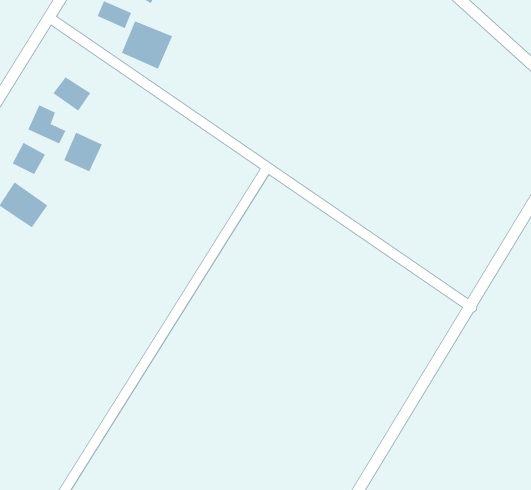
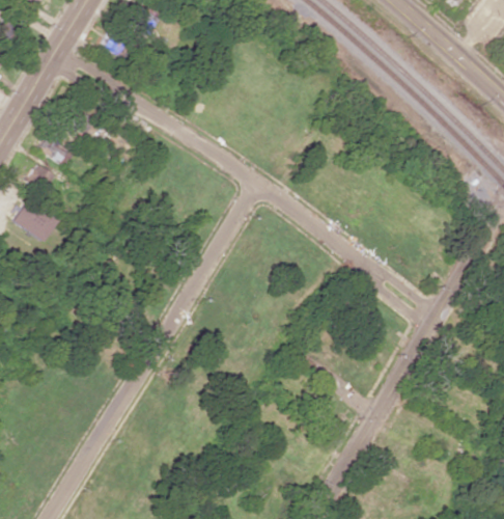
building: [121,21,173,70] -> none
building: [63,132,103,172] -> none

